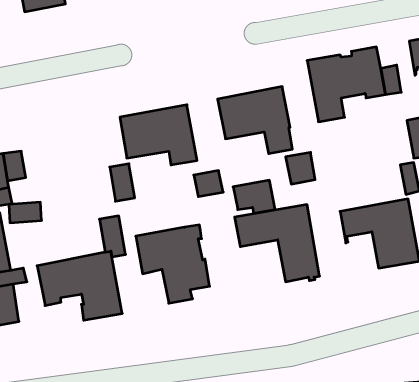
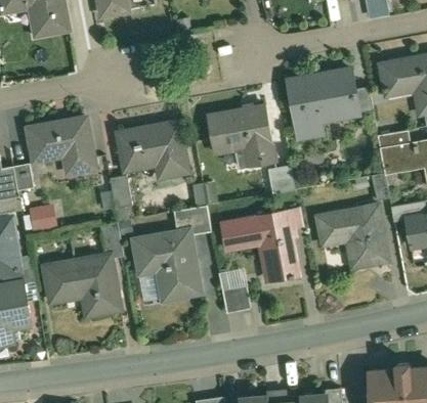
building: none -> [27,117,94,171]
building: [233,180,275,213] -> [172,205,210,234]
building: none -> [220,284,250,313]

